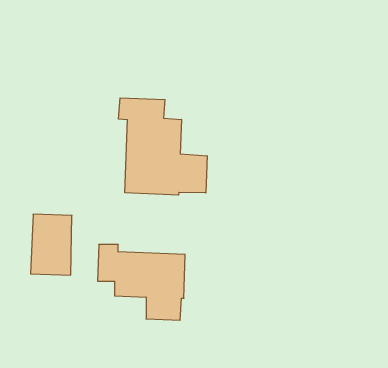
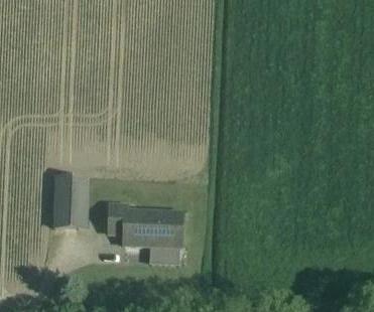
building: [119,98,207,195] -> none

